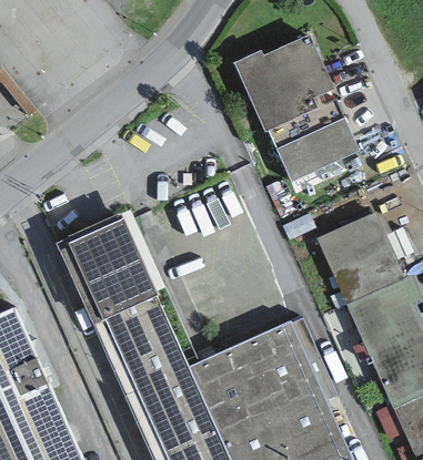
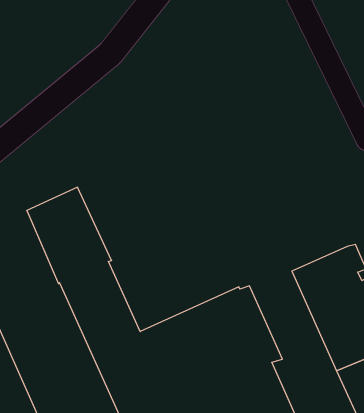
building: [233,33,359,182] -> none
building: [318,213,404,304] -> none

